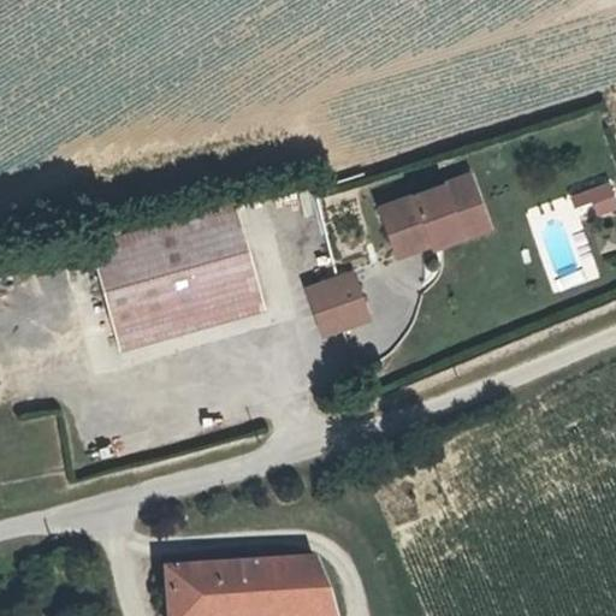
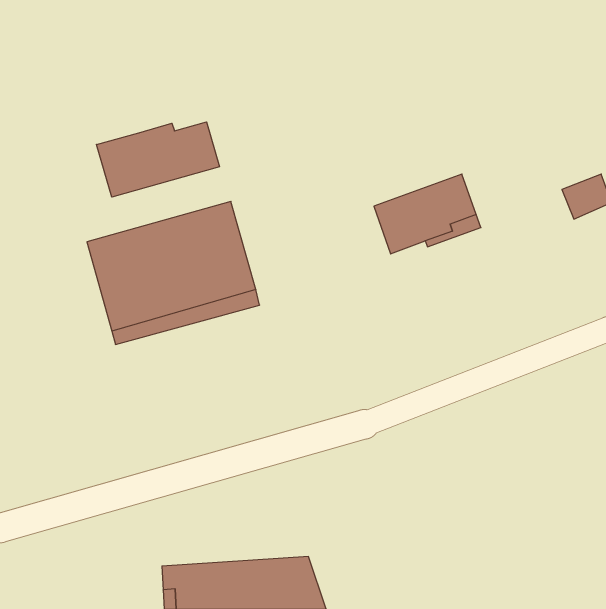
building: none -> [96,122,220,197]
building: [304,266,373,334] -> none

